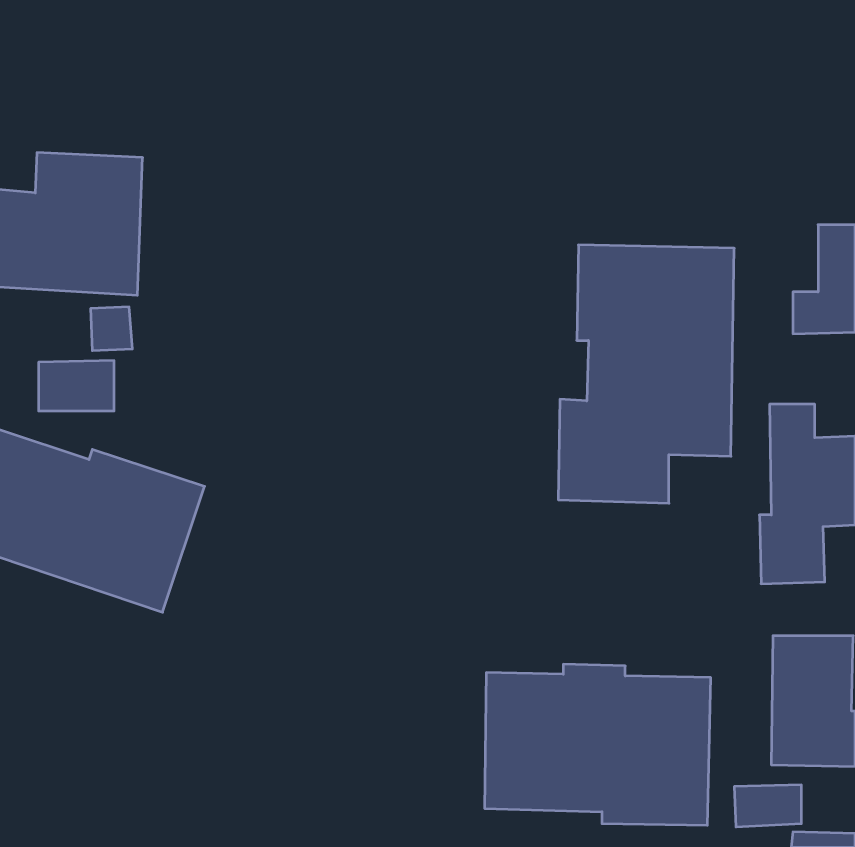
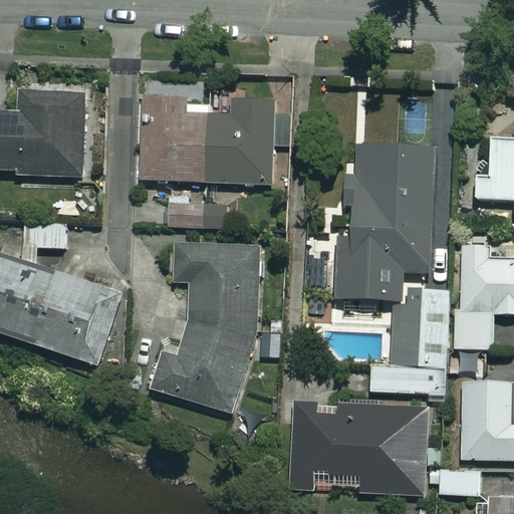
building: none -> [140,96,290,185]
building: none -> [169,197,227,227]
building: none -> [146,242,258,415]
building: none -> [370,288,449,393]

